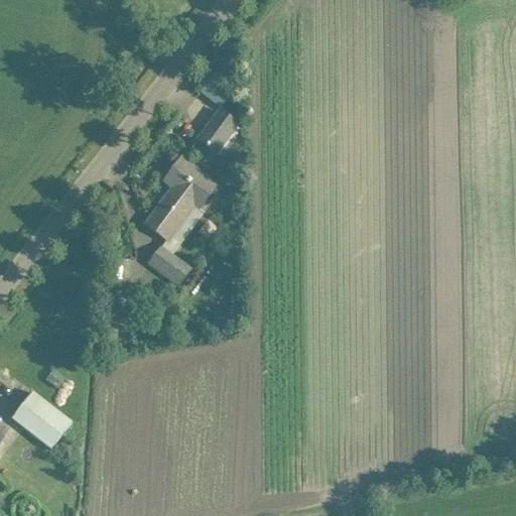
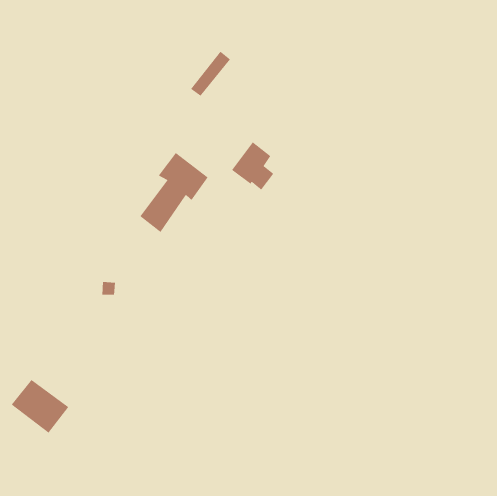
building: [196,110,240,160] -> [231,142,274,190]
building: [149,247,187,283] -> none

